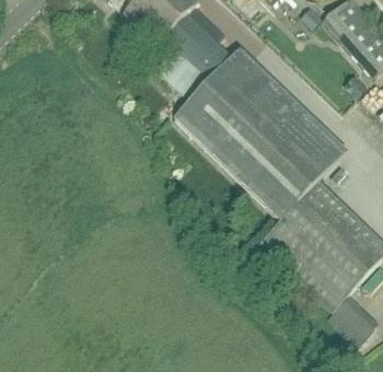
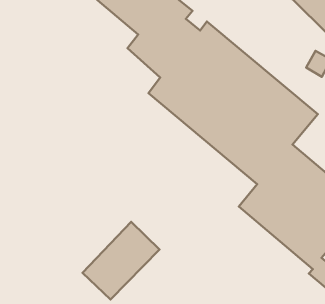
building: none -> [82,222,159,299]

